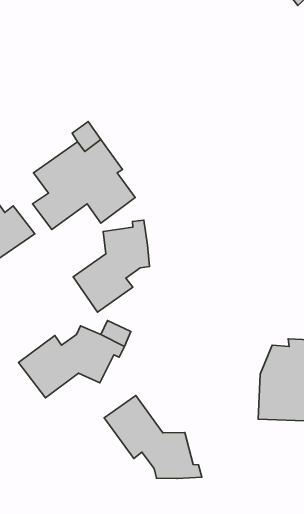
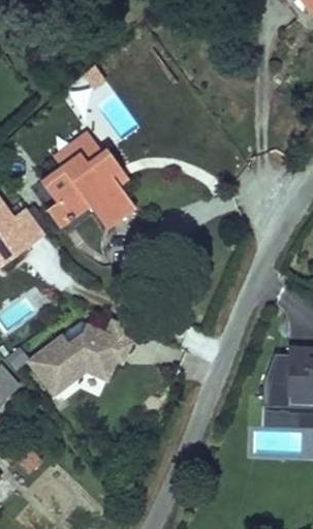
building: [73,220,149,312] -> none
building: [104,396,202,479] -> none

